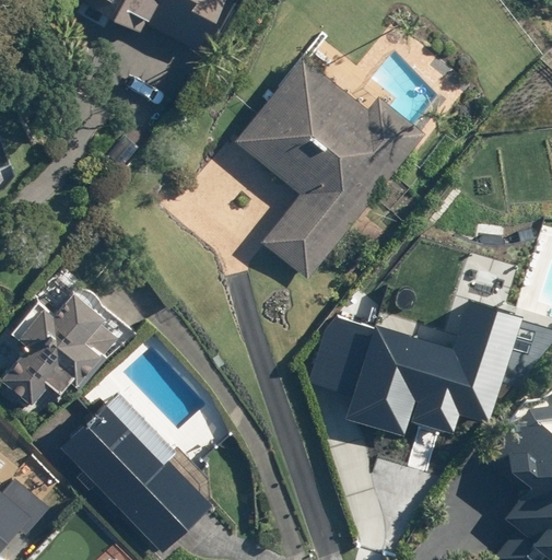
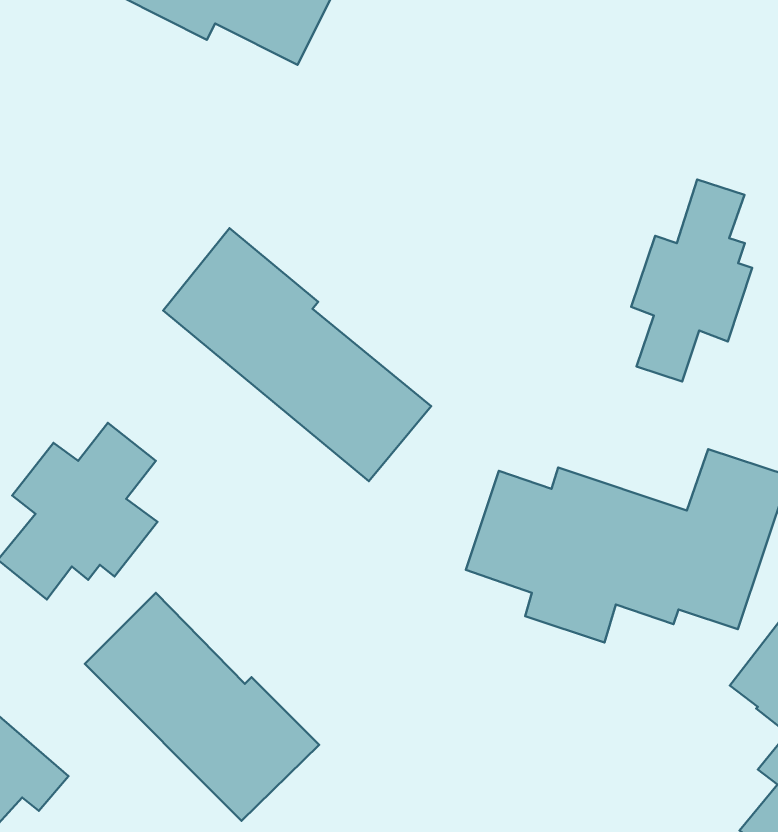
building: [236,57,427,279] -> none
building: none -> [631,180,752,381]
building: none -> [163,228,431,481]

